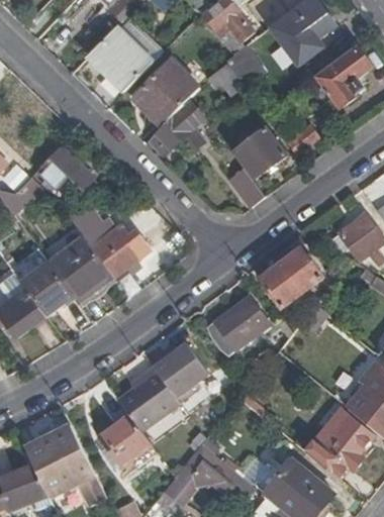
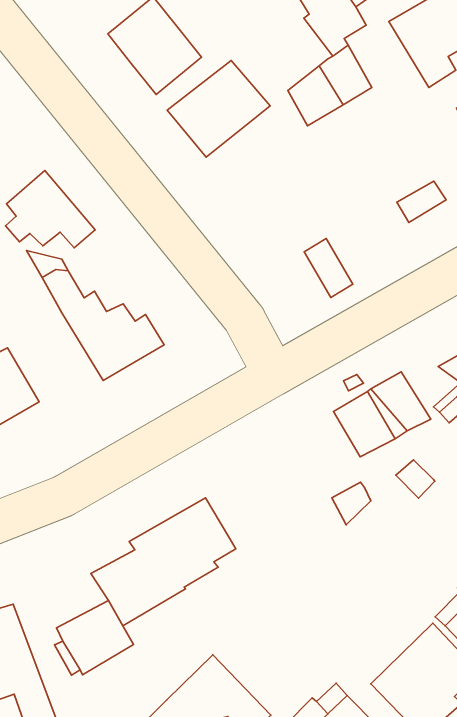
building: [143,100,203,154] -> none
building: [233,127,286,178] -> none
building: [46,235,111,301] -> none
building: [210,296,272,352] -> none

